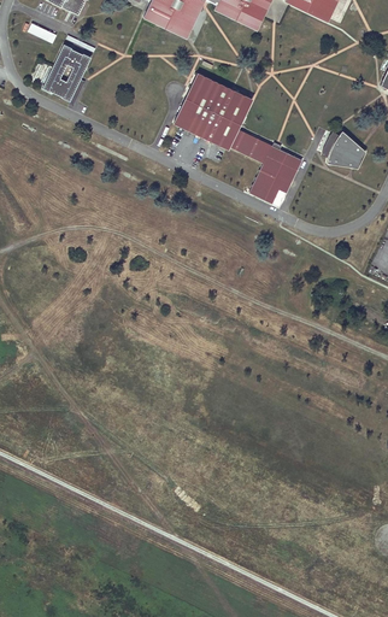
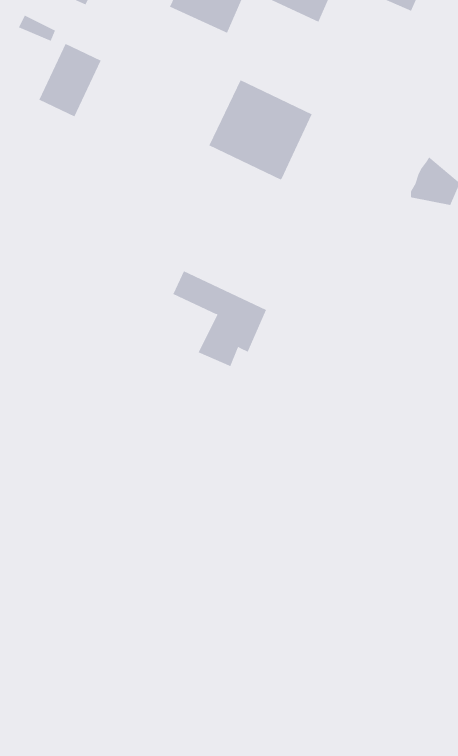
building: [228,129,300,202] -> [173,271,267,367]

